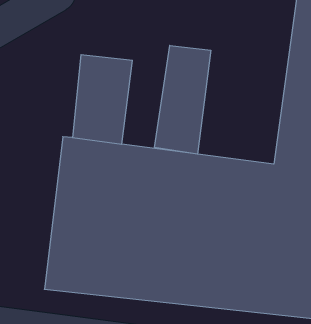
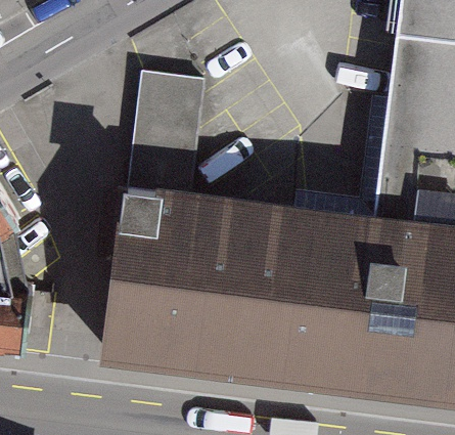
building: [155,45,211,154] -> none

